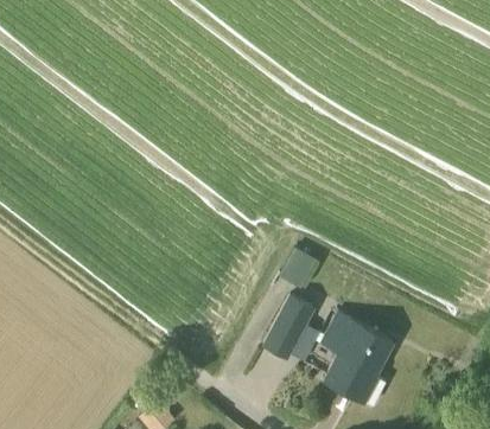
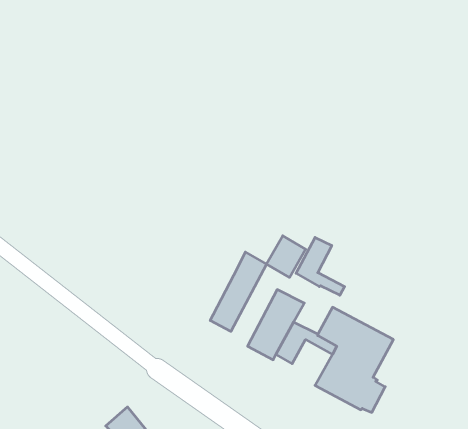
building: none -> [296,237,345,295]
building: none -> [210,252,266,331]

